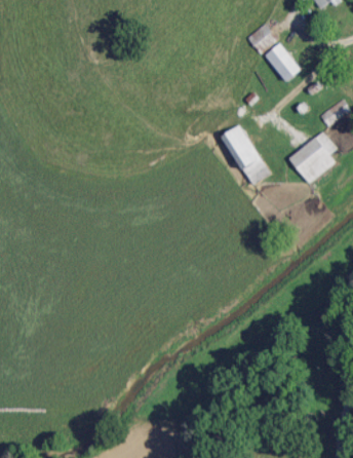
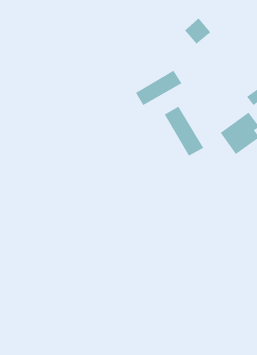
building: [264,42,302,82] -> none
building: none -> [135,70,182,106]

